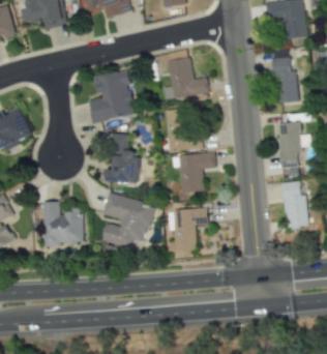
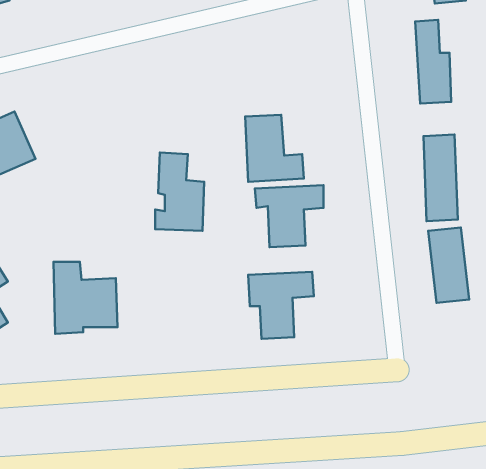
building: [162,52,209,98] -> none
building: [88,69,136,123] -> none
building: [103,193,153,248] -> none

